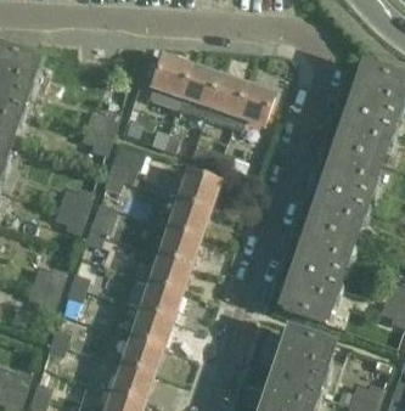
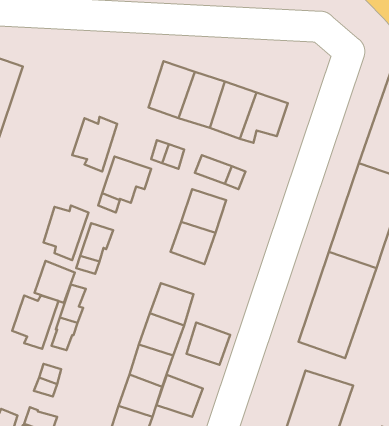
building: [159,227,198,265] -> [187,323,230,365]
building: none -> [35,261,75,303]
building: none -> [156,375,203,417]

